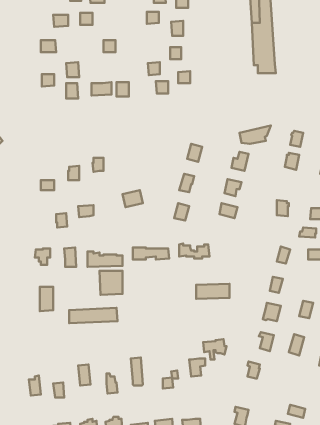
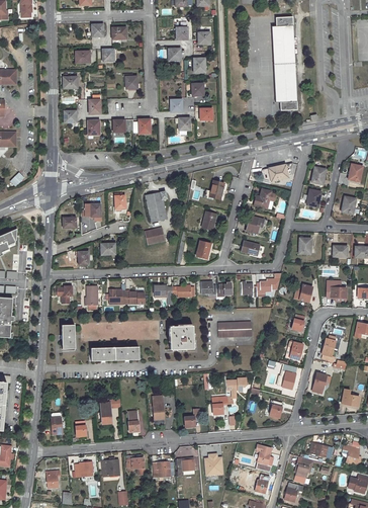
building: none -> [146,191,167,222]
building: none -> [242,279,276,297]
building: [99,271,123,295] -> [170,326,193,350]

